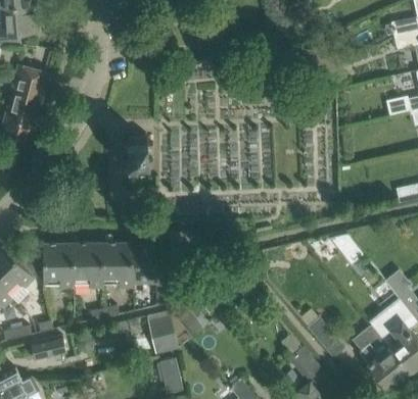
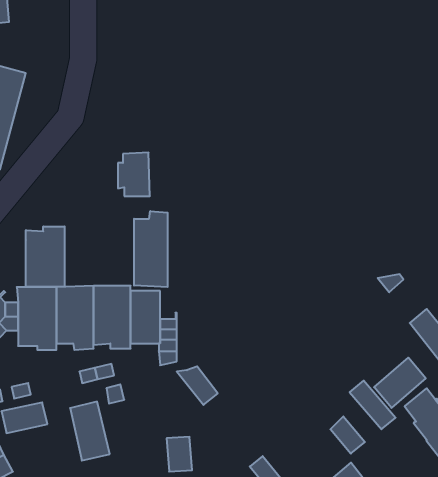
building: none -> [134,211,168,287]
building: none -> [26,226,65,287]
building: none -> [374,358,426,408]
building: [148,310,180,357] -> [70,402,110,461]

